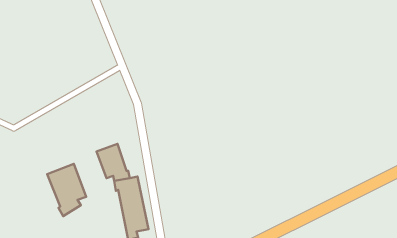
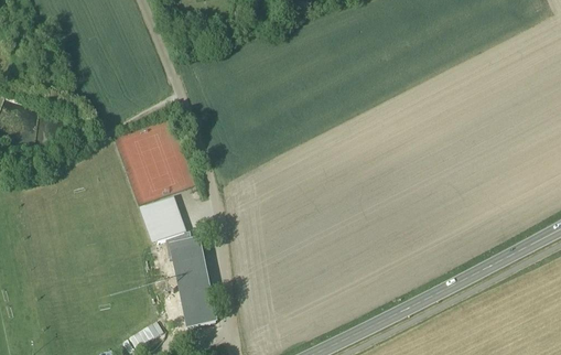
building: [47,164,86,216] -> none

